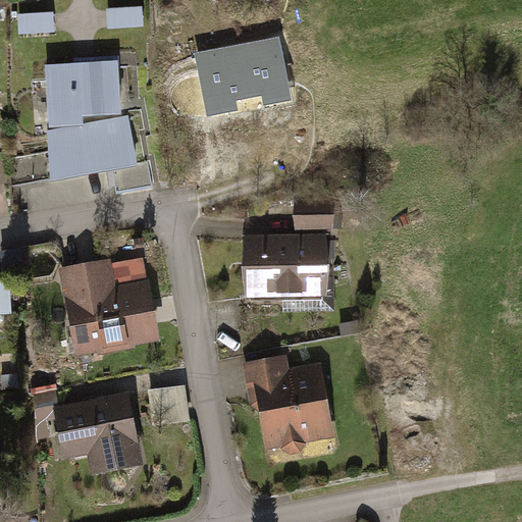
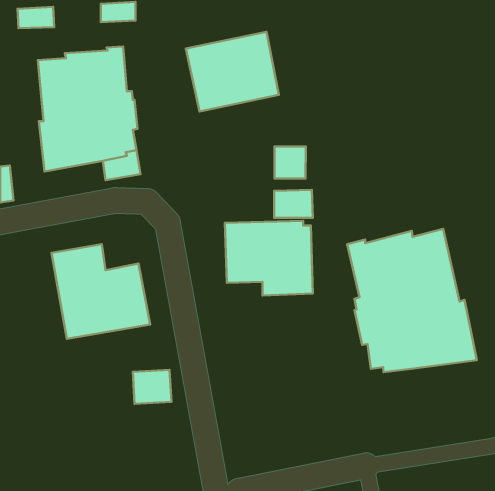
building: none -> [274,147,306,178]
building: none -> [347,229,477,372]
building: [247,354,340,454] -> none
building: [49,390,141,475] -> none

